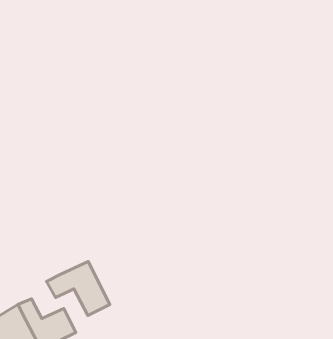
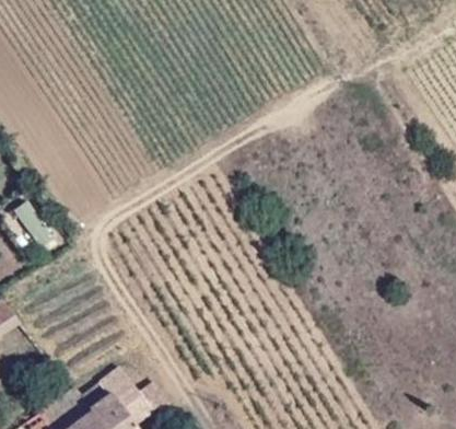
building: [47,261,110,315] -> none

